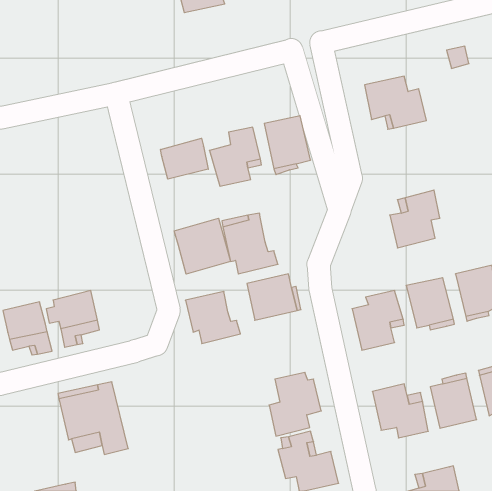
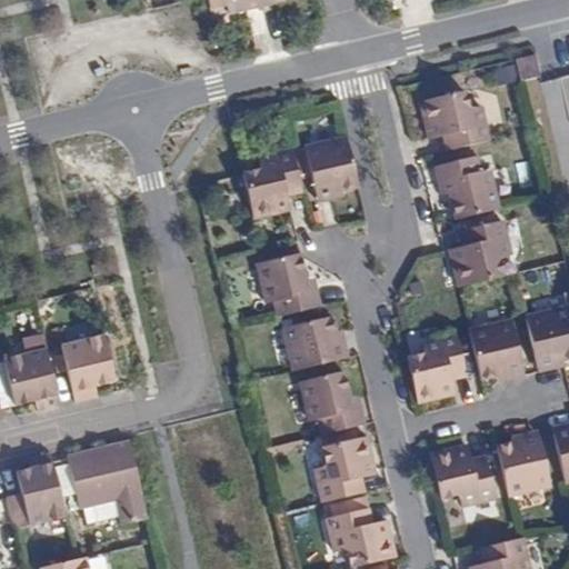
building: none -> [436,156,498,218]
building: [161,138,208,179] -> none
building: [174,218,231,274] -> none
building: [185,292,240,344] -> [301,373,365,433]
building: none -> [7,452,67,528]

